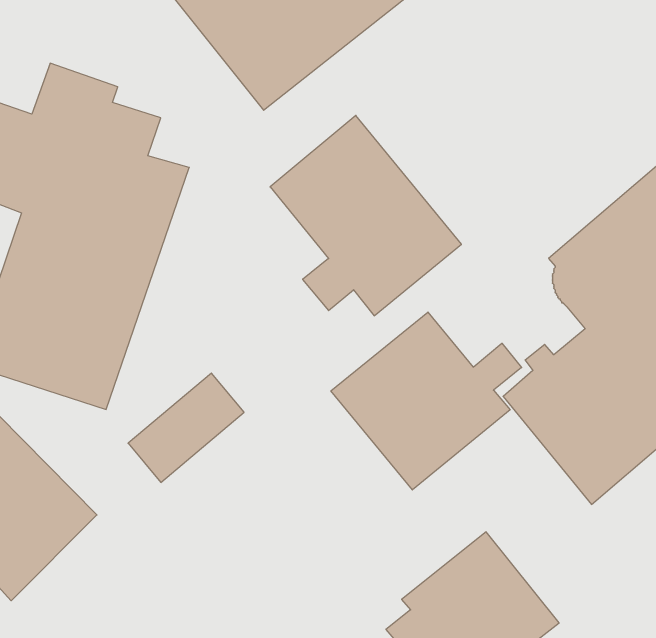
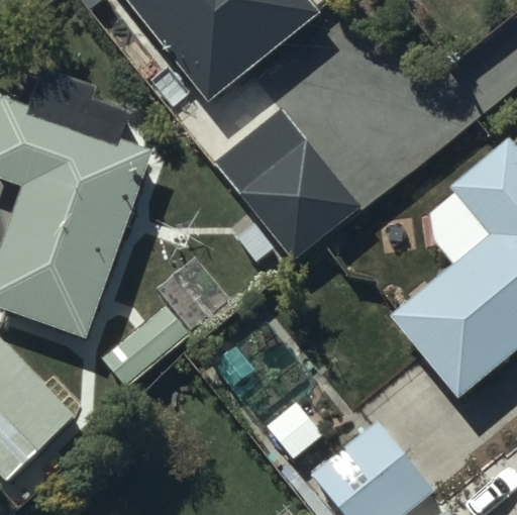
building: [331,312,522,490] -> none

